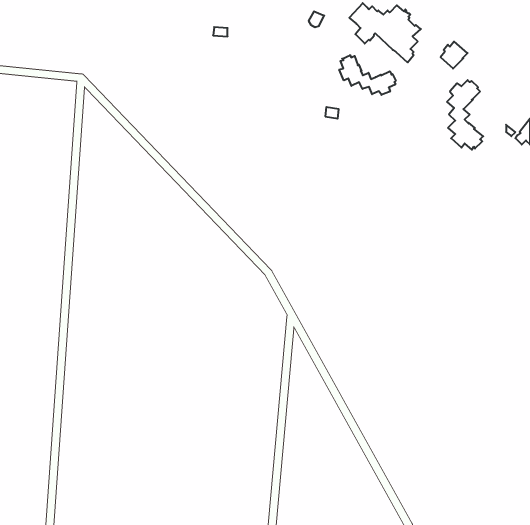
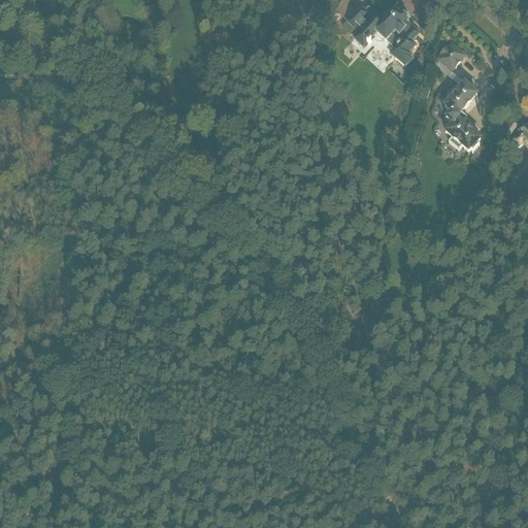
building: [339,55,396,95] -> none

